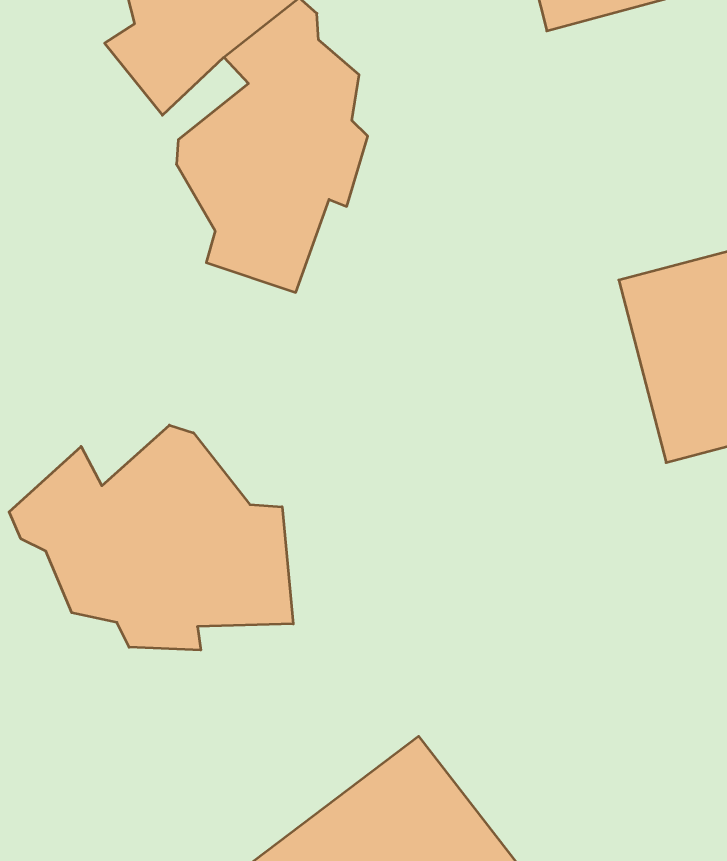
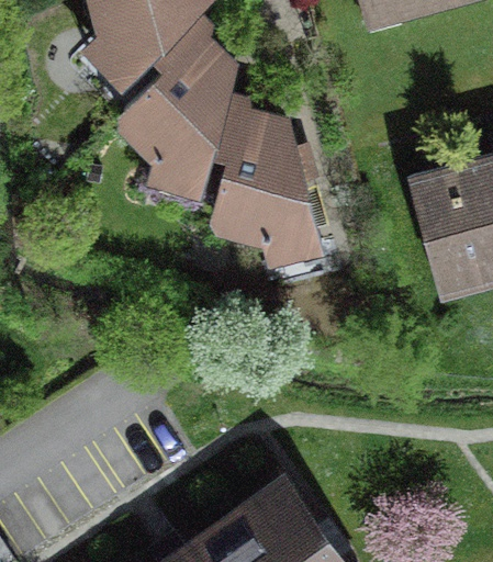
building: none -> [213,99,324,262]
building: [9,425,293,650] -> none

